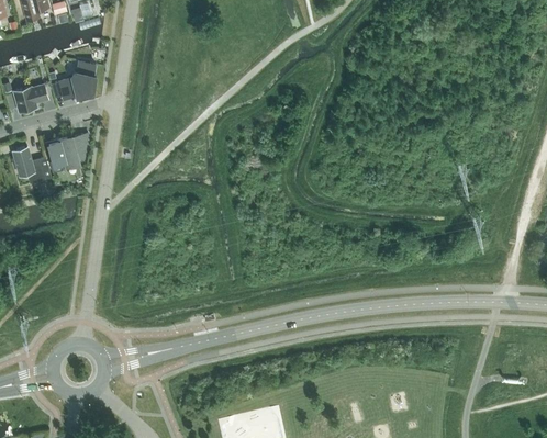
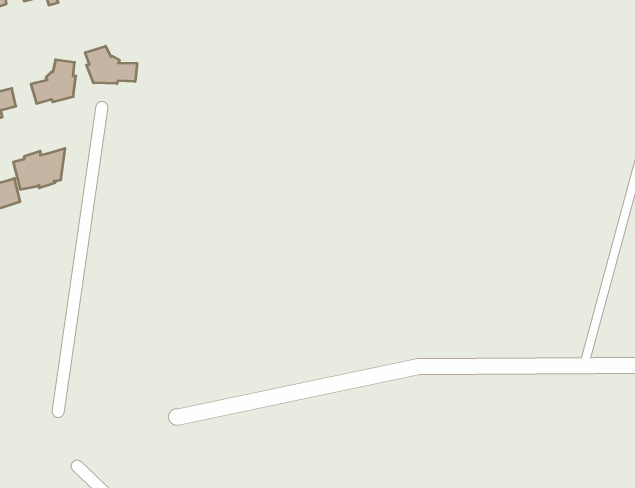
building: none -> [85,46,137,84]

